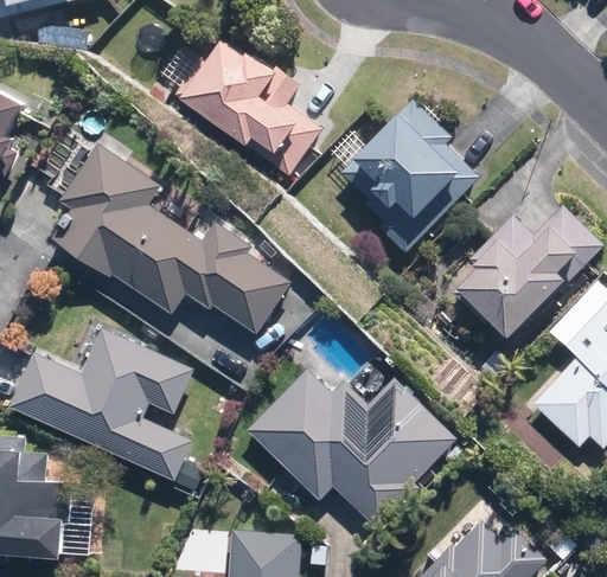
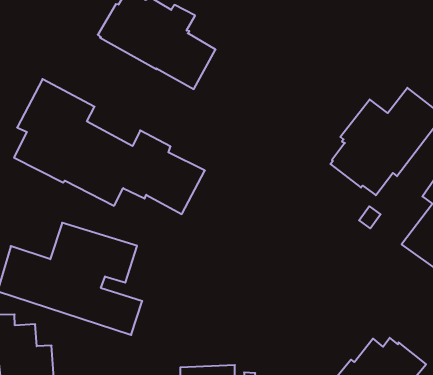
building: [339,100,478,252] -> none
building: [245,368,455,530] -> none

